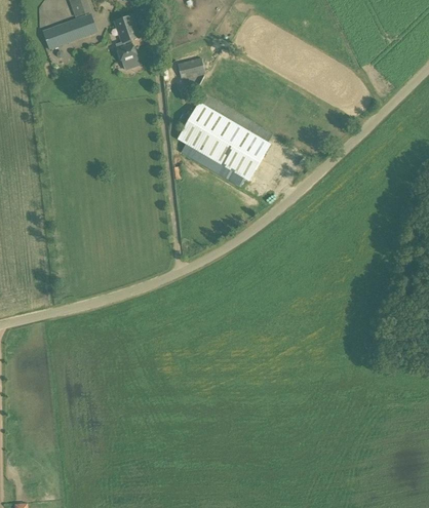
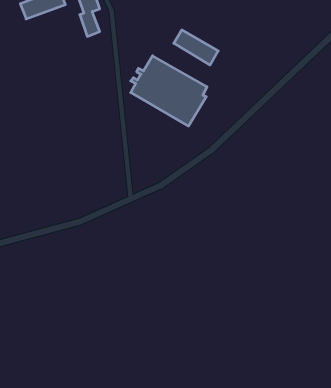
building: [177,58,204,81] -> none
building: none -> [174,30,218,65]

